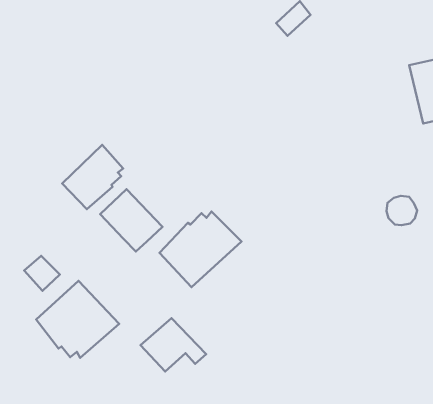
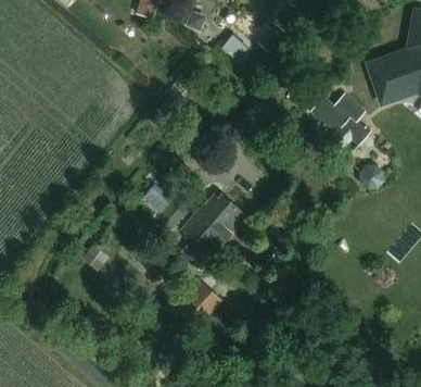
building: none -> [310,92,371,151]
building: [62,145,123,209] -> none
building: [36,281,119,358] -> none

